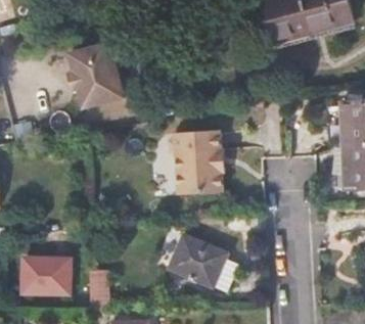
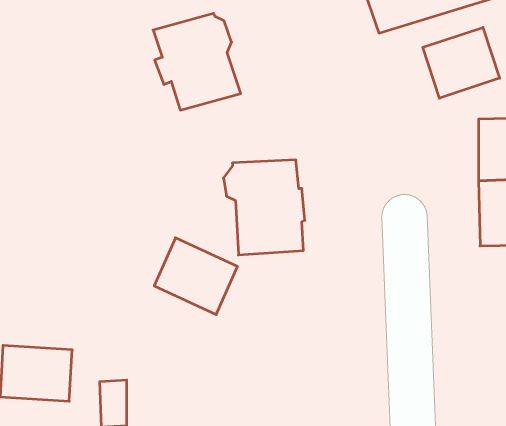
building: none -> [423,27,500,98]
building: [64,43,124,108] -> [153,13,241,110]
building: [170,233,226,285] -> [154,238,237,315]

